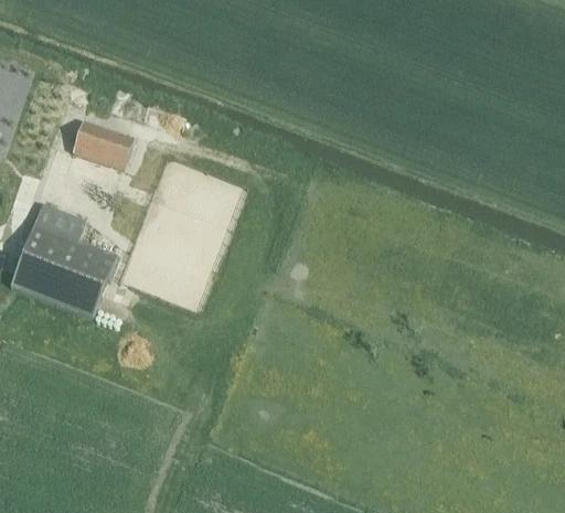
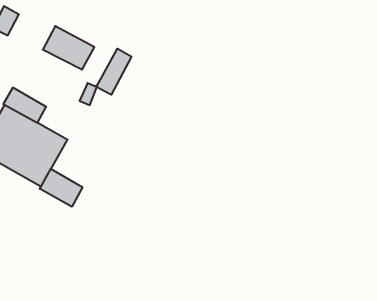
building: none -> [96,49,131,95]
building: none -> [40,169,82,207]

